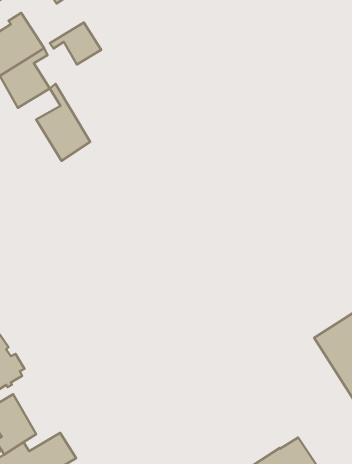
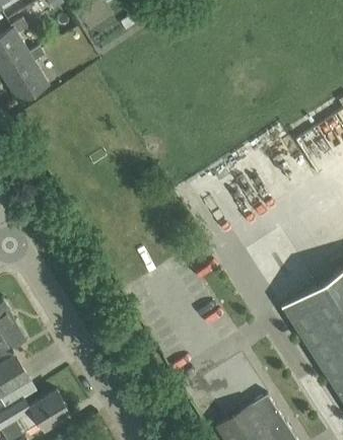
building: [50,23,101,64] -> none
building: [36,84,90,161] -> none

